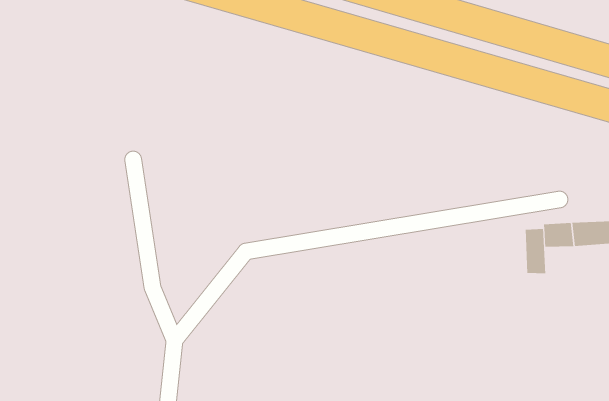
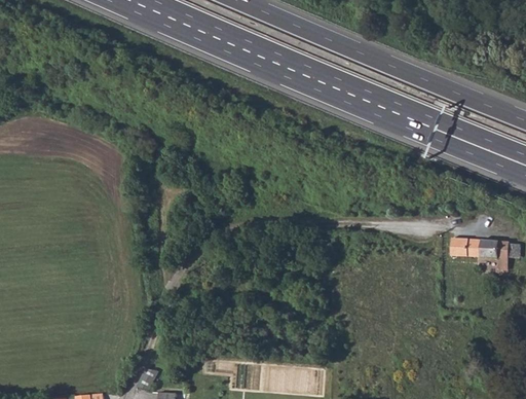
building: [525,228,546,274] -> none

